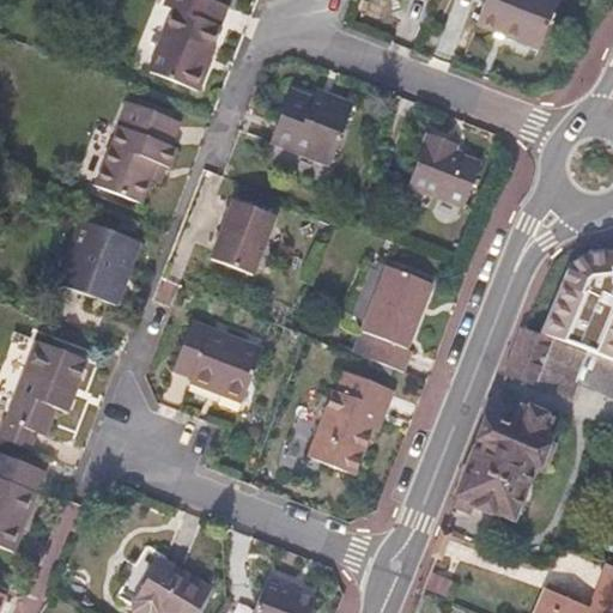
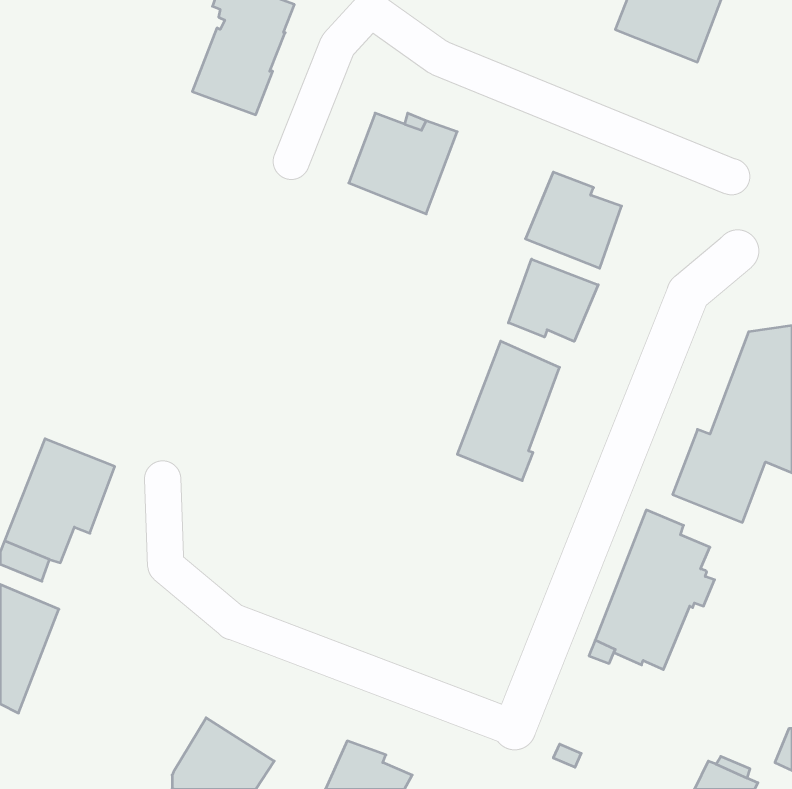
building: [96,99,180,200] -> none
building: [210,198,277,274] -> none
building: none -> [508,259,598,341]
building: [56,218,140,305] -> none
building: [172,318,262,402] -> none
building: [308,369,393,474] -> none

